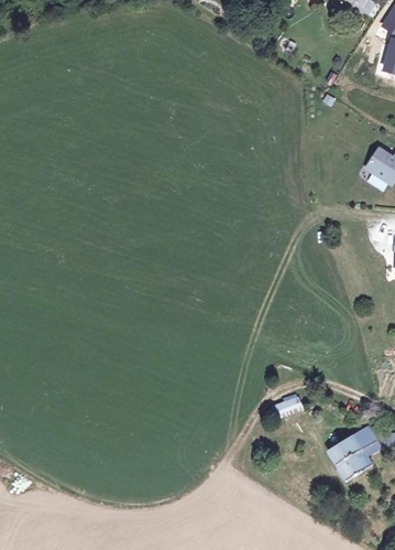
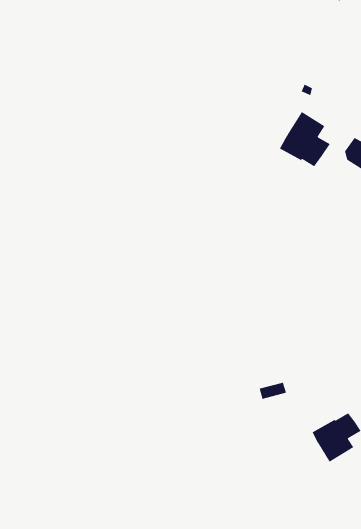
building: none -> [279,111,330,167]

